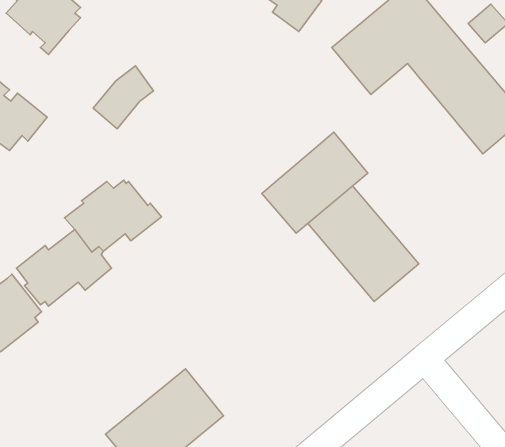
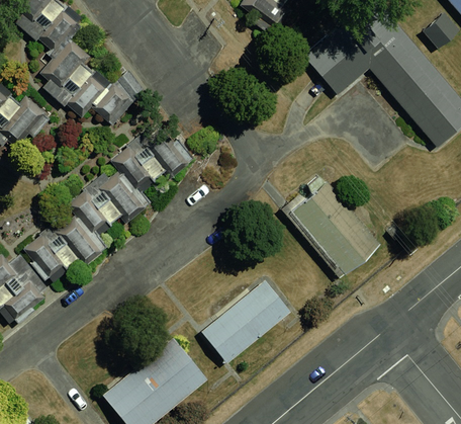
building: none -> [39,38,111,117]
building: [262,132,368,233] -> none
building: none -> [110,133,192,193]
building: none -> [201,280,291,363]

